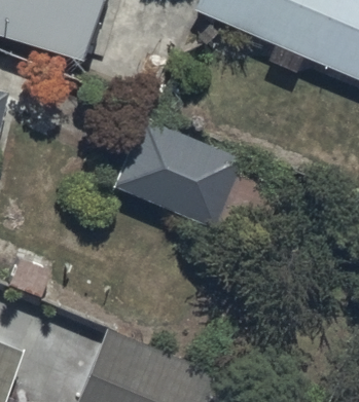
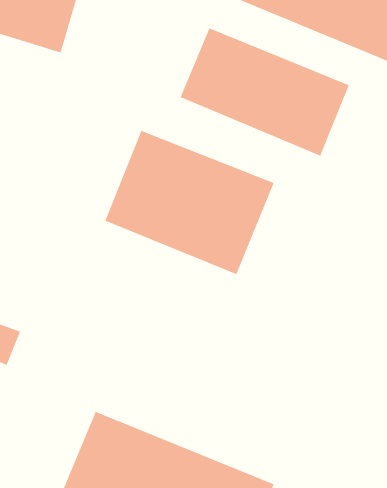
building: none -> [180,27,349,157]

